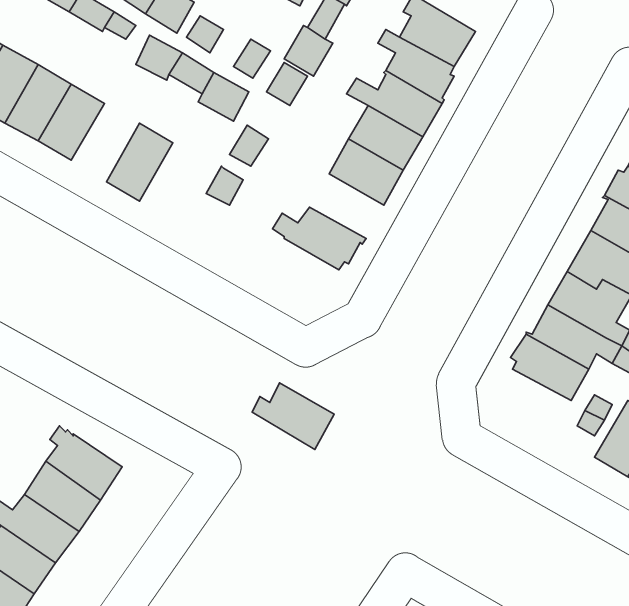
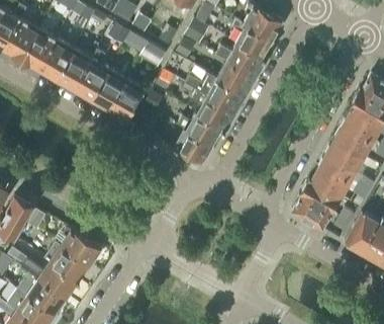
building: none -> [74,50,109,100]
building: none -> [109,80,145,120]
building: none -> [193,91,235,130]
building: none -> [293,197,332,231]
building: [252,383,334,449] -> [170,130,212,164]

